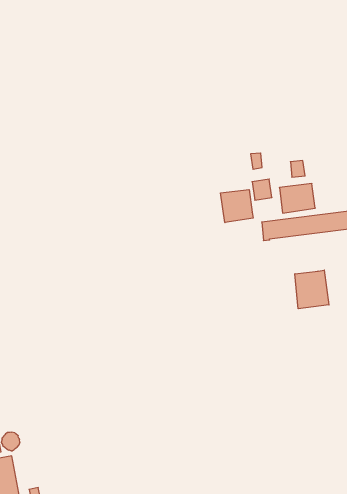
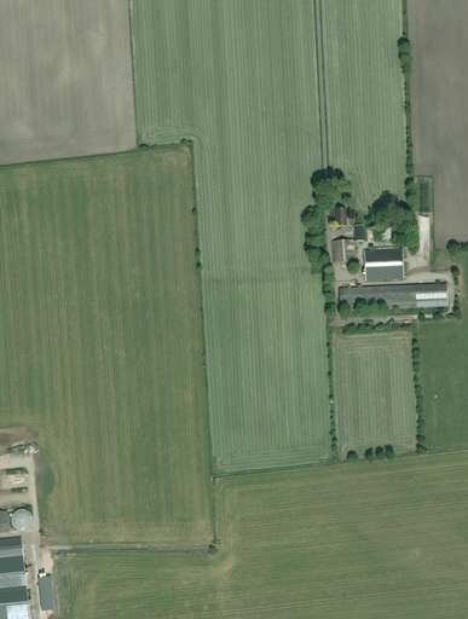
building: [221,190,253,223] -> none
building: [295,270,329,309] -> none

